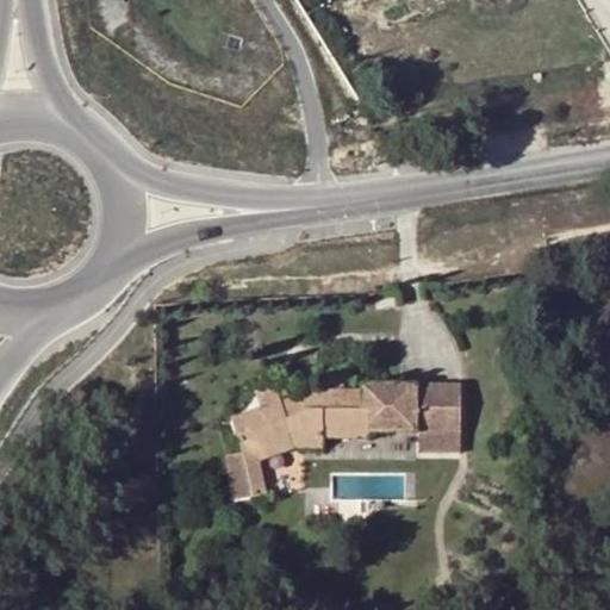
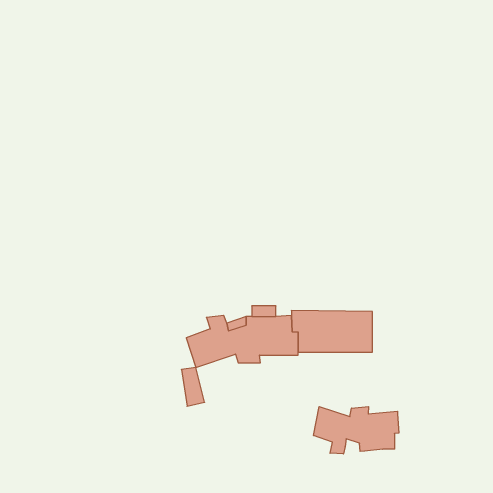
building: [242,437,294,497] -> none
building: none -> [314,407,399,454]

